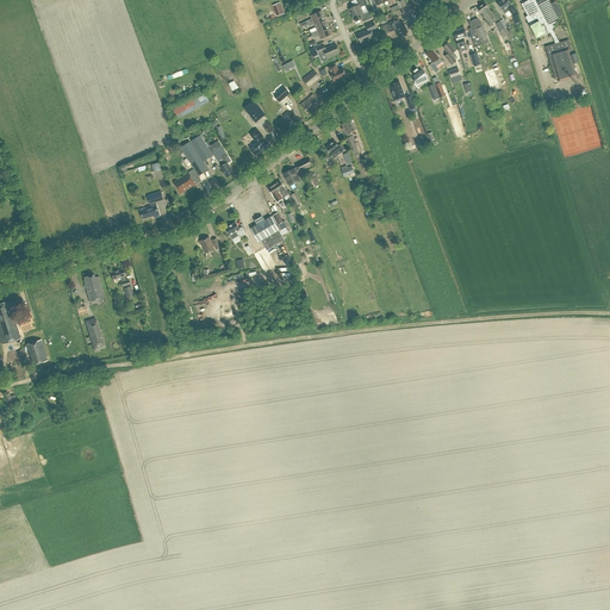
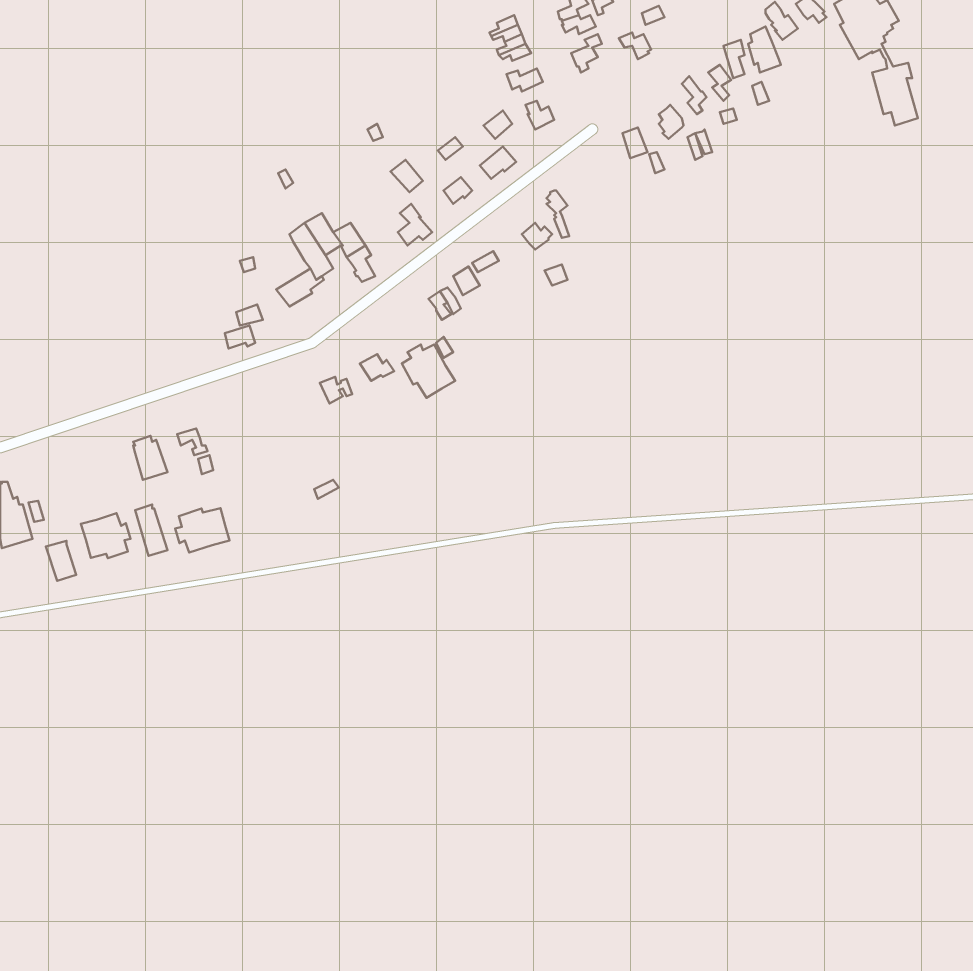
building: none -> [175,508,230,552]
building: none -> [81,513,131,558]

